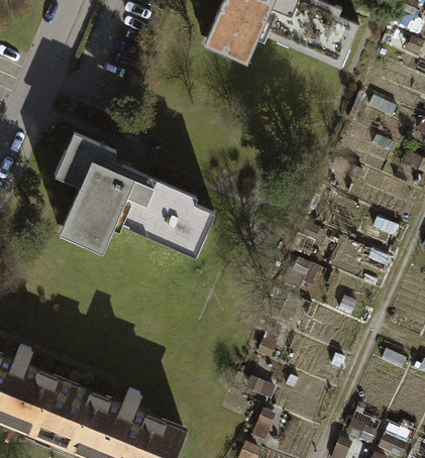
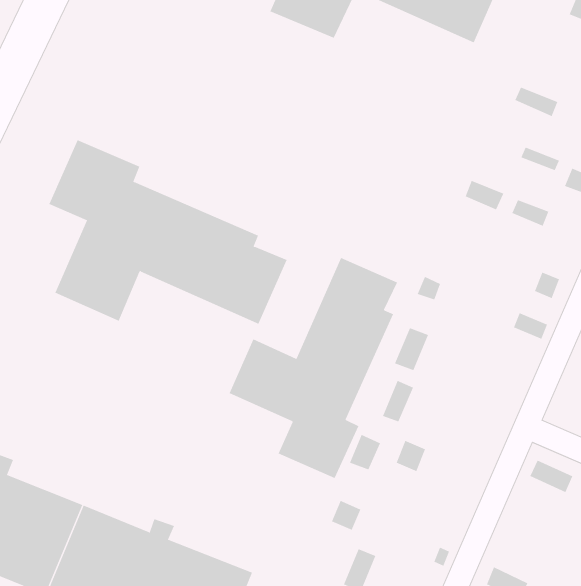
building: none -> [229,257,398,479]

